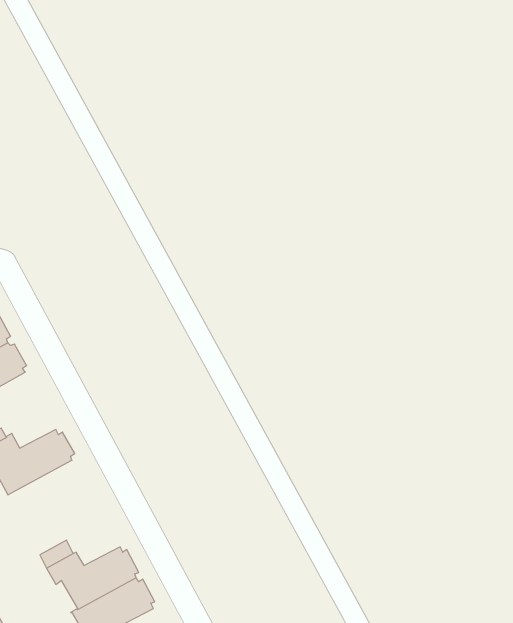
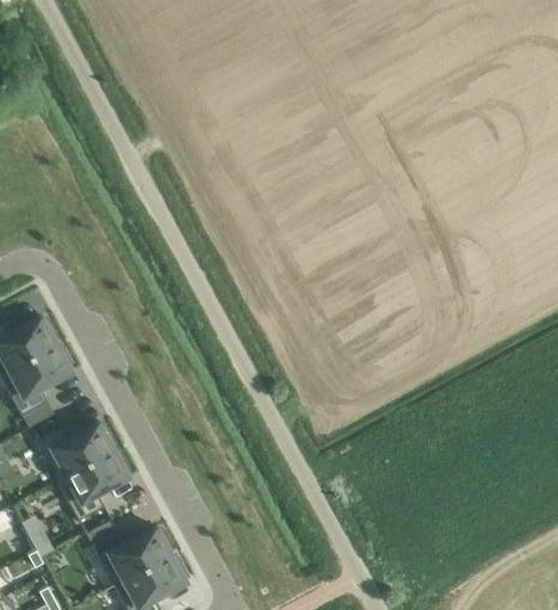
building: none -> [60,452,134,523]

